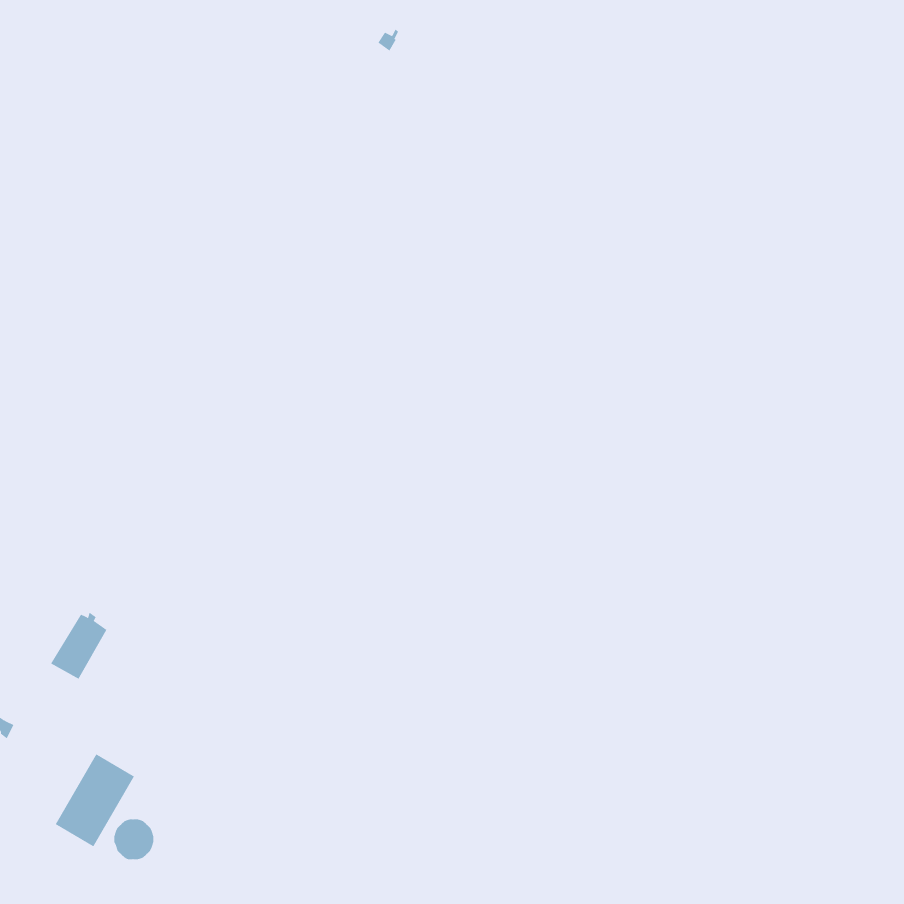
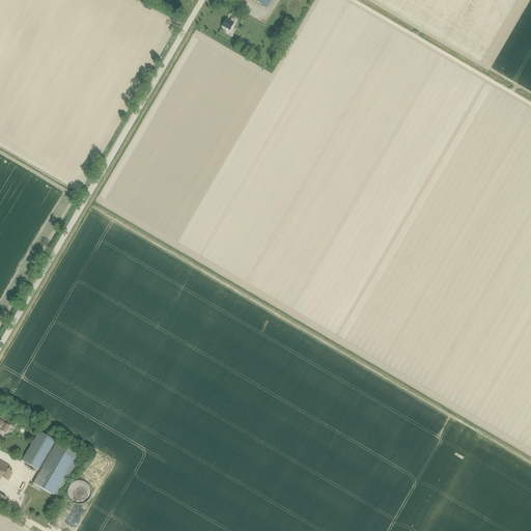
building: [50,612,107,679] -> [21,429,54,469]

